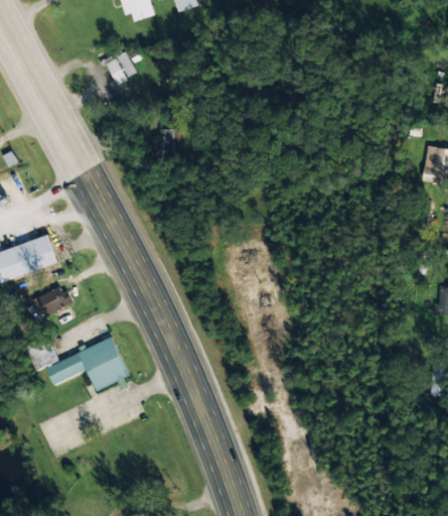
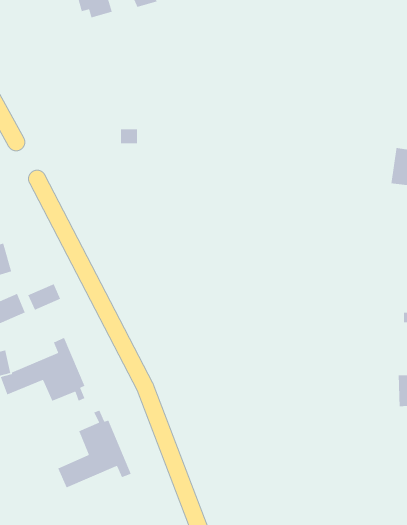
building: [106,51,137,84] -> none
building: none -> [27,283,61,311]
building: none -> [57,410,132,489]

